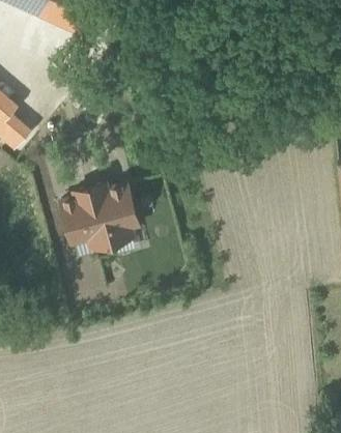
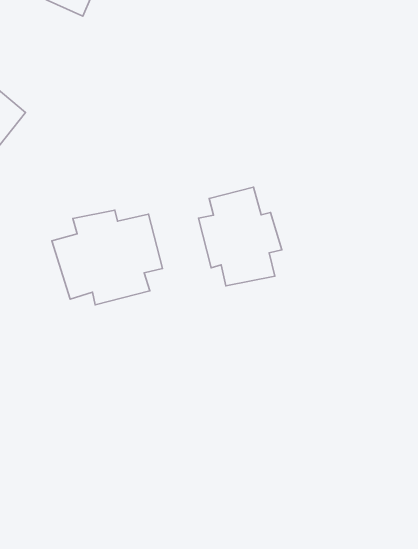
building: none -> [198,187,282,286]

